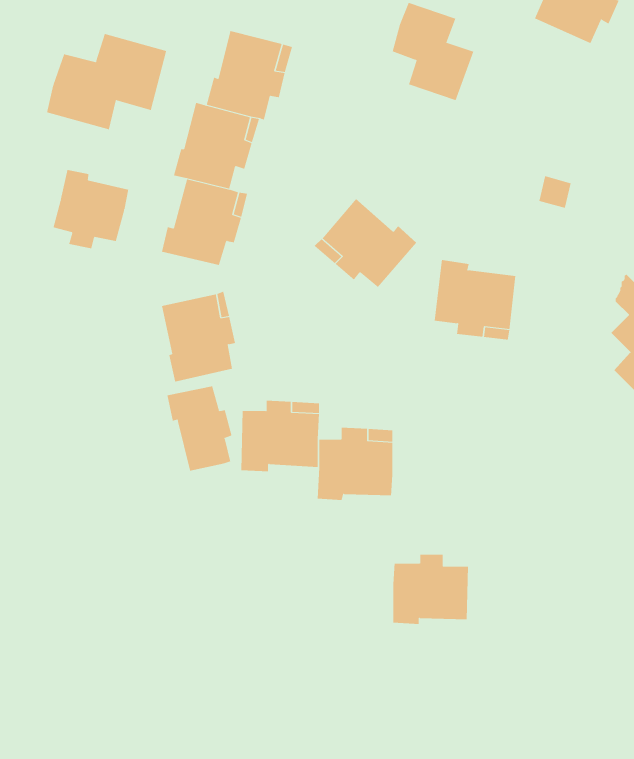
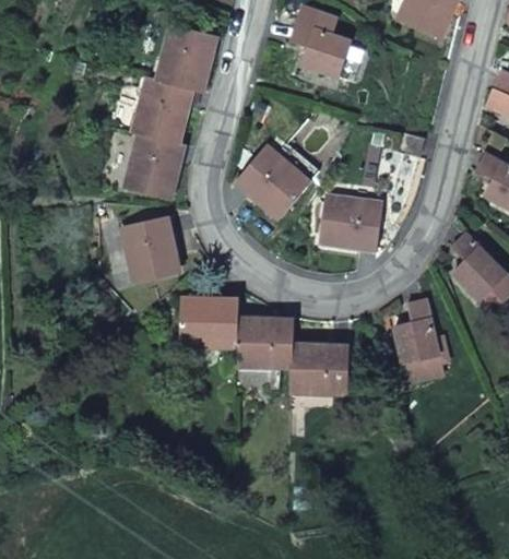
building: [47,33,167,130] -> none
building: [53,169,129,249] -> none
building: [167,385,232,472] -> none
building: none -> [394,297,439,362]
building: [392,554,469,624] -> [291,343,346,394]

